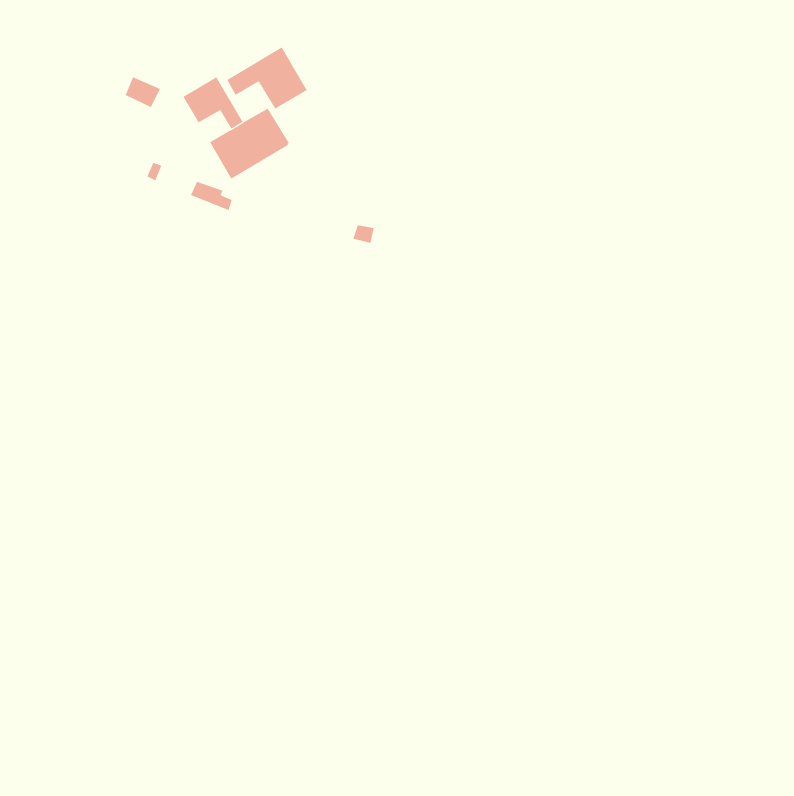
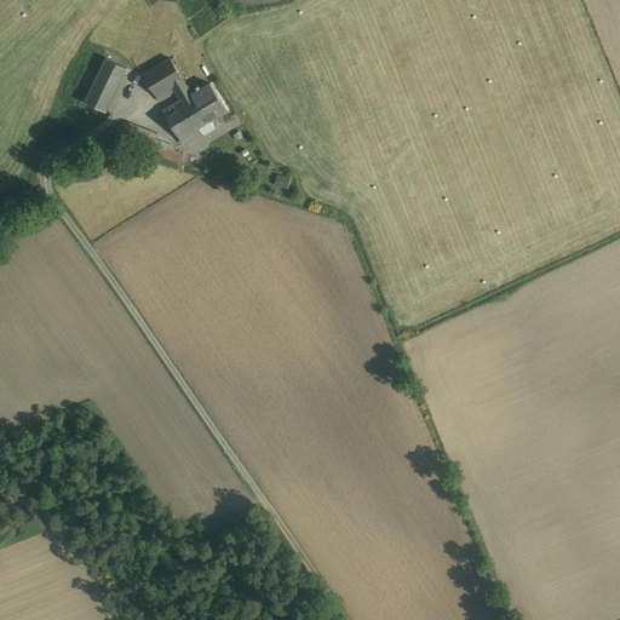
building: [226,47,308,110] -> none
building: none -> [84,75,117,113]

